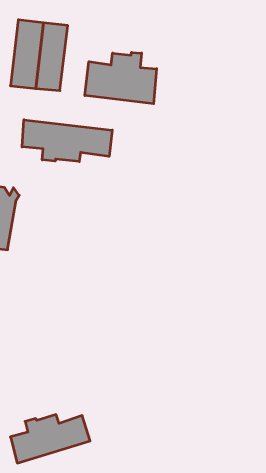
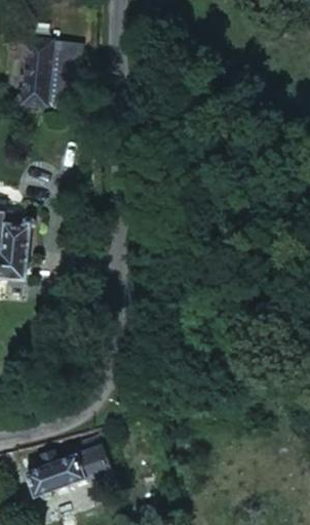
building: [85,52,157,104] -> none
building: [22,120,112,162] -> none

